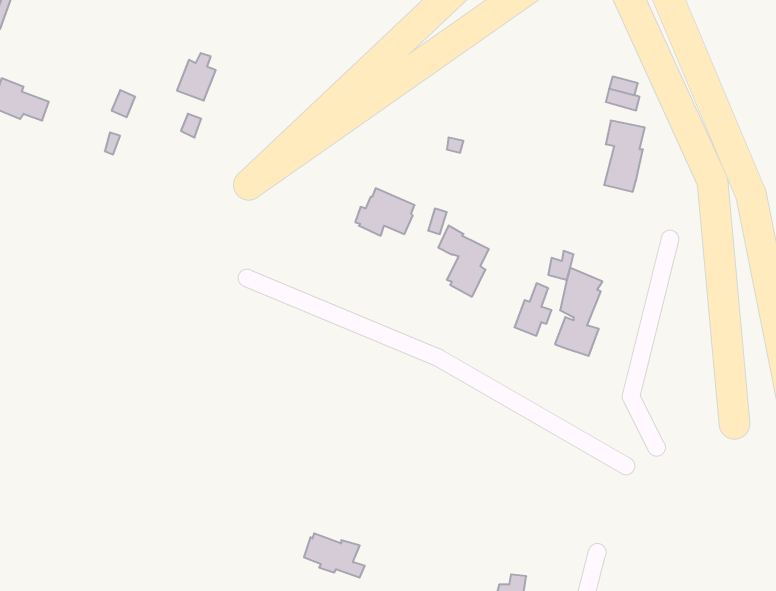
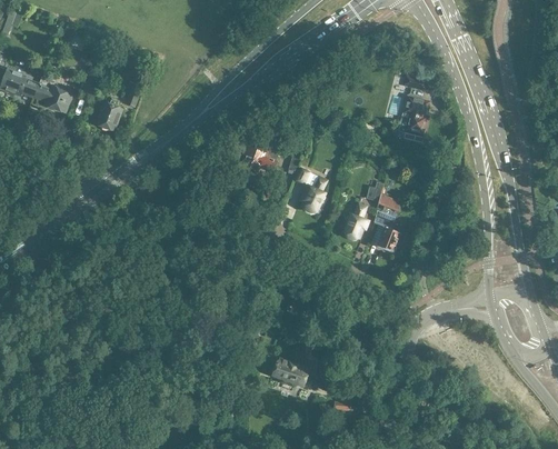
building: [177,53,216,101] -> [94,99,120,130]
building: none -> [32,77,70,112]
building: [304,533,365,578] -> [271,359,311,388]

